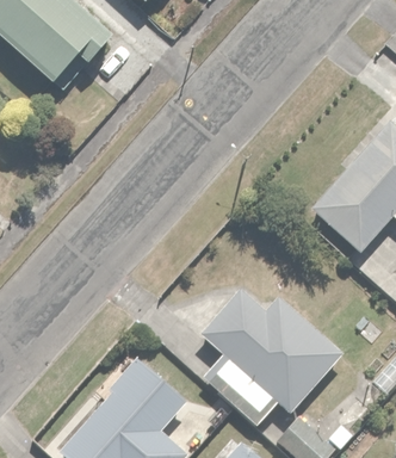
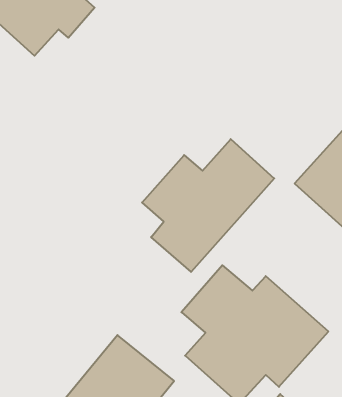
building: none -> [142,139,274,272]

